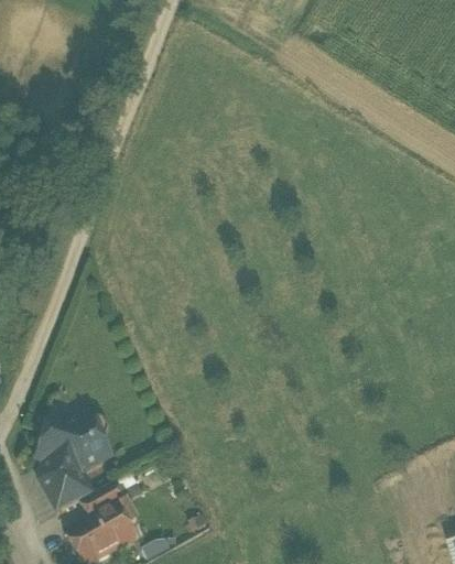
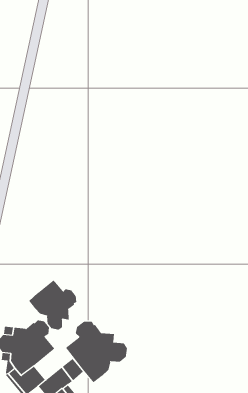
building: none -> [28,279,77,330]
building: none -> [65,321,128,383]

